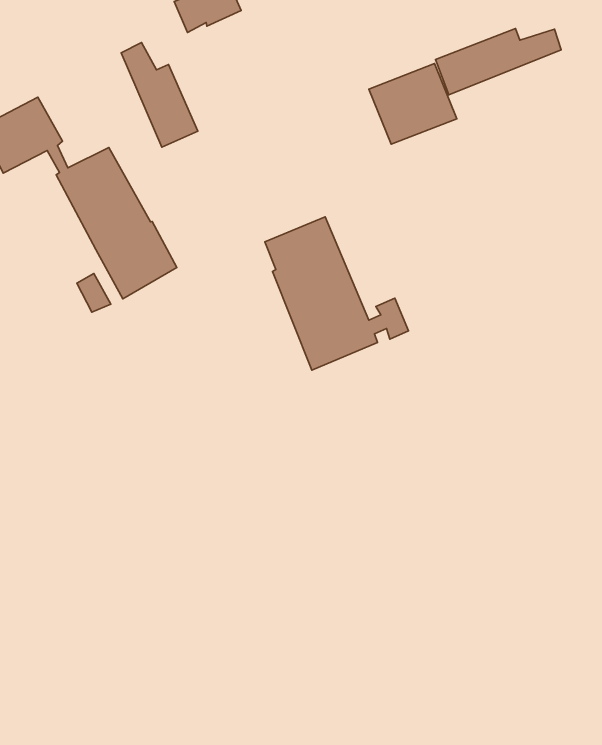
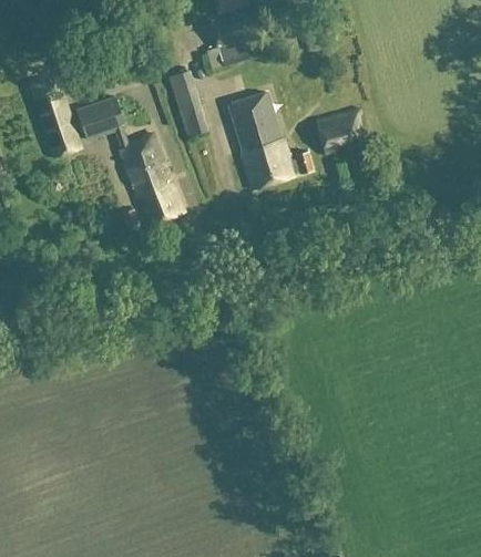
building: [435,28,561,95] -> none
building: [265,217,409,370] -> [233,93,313,185]

